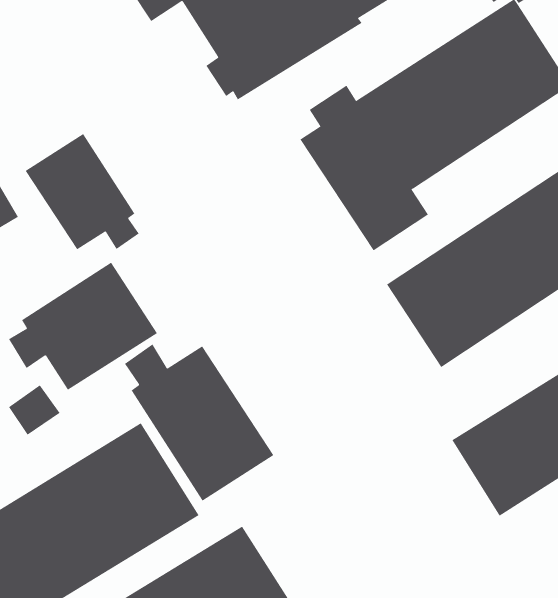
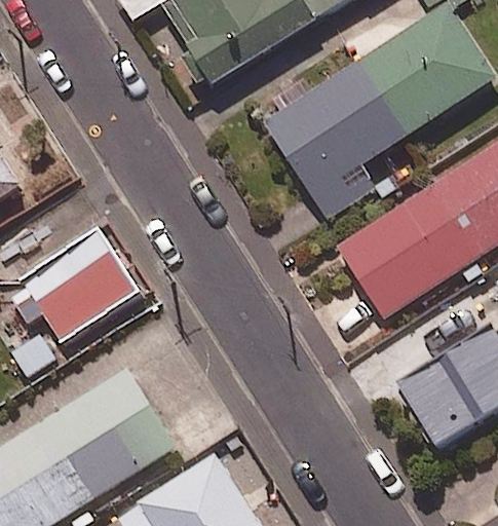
building: [25,133,140,250] -> none
building: [124,343,274,501] -> none

